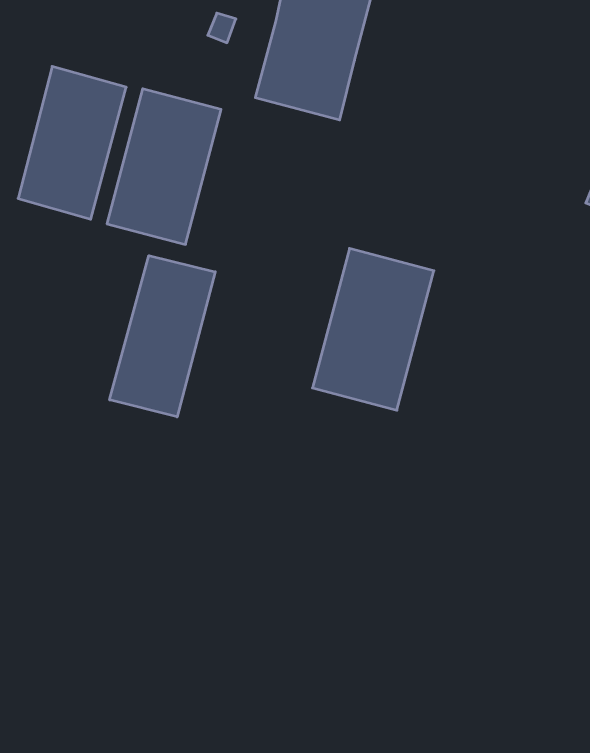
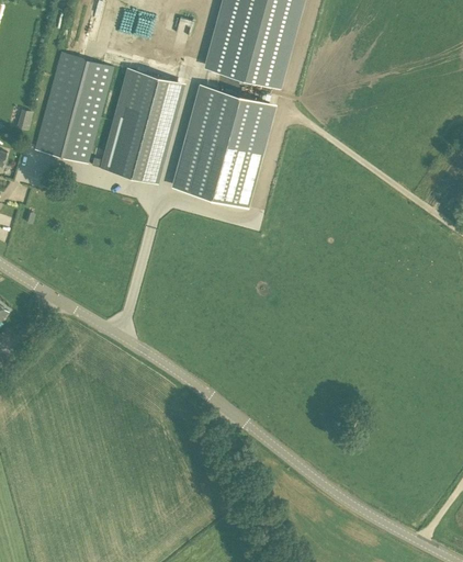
building: [312,248,434,410] -> [176,85,266,204]
building: [110,256,215,417] -> none

